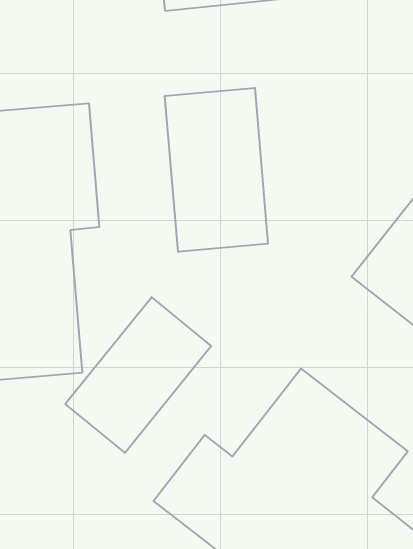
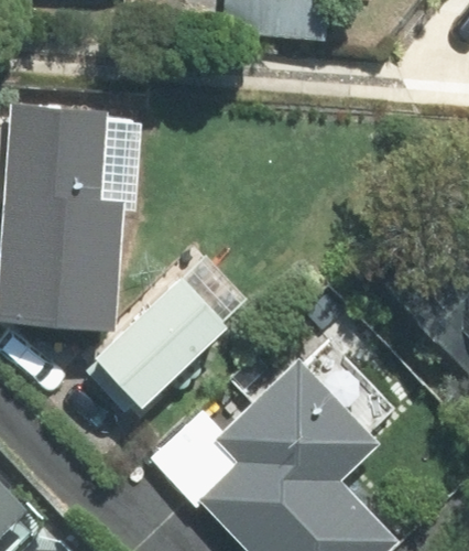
building: [165,88,268,252] -> none

